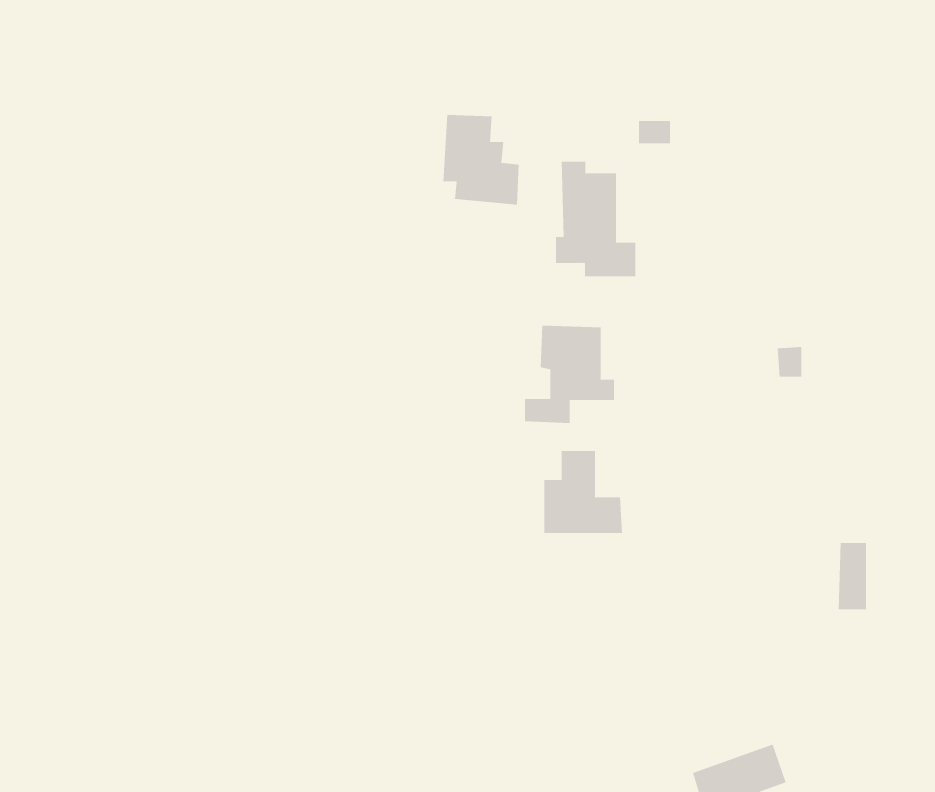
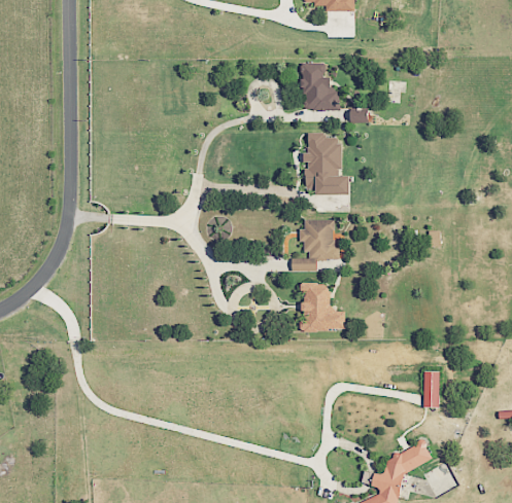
building: [442,114,520,205] -> [297,63,338,111]
building: [838,542,867,610] -> [422,371,438,407]

